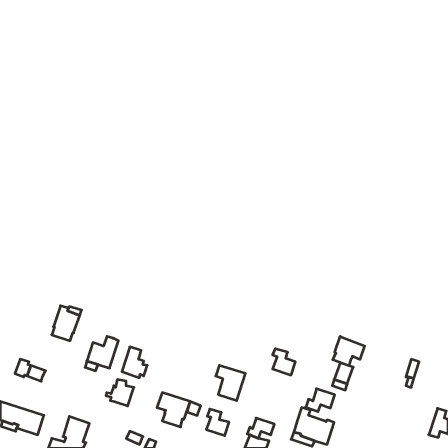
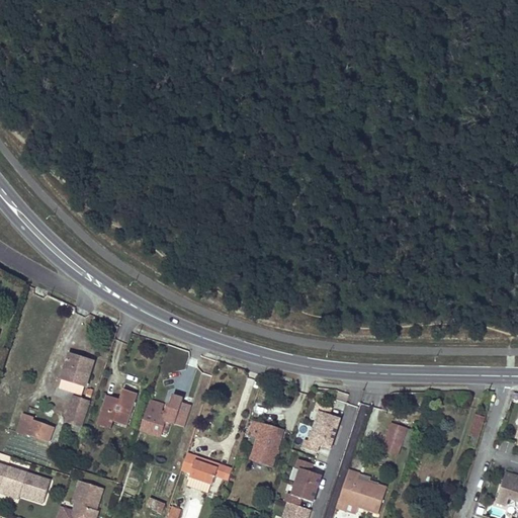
building: [333,336,365,366] -> none
building: none -> [66,396,89,424]
building: [106,380,134,406] -> [160,396,192,426]
building: [306,389,335,412] -> [303,425,336,451]
building: [206,409,229,436] -> [295,458,322,489]

